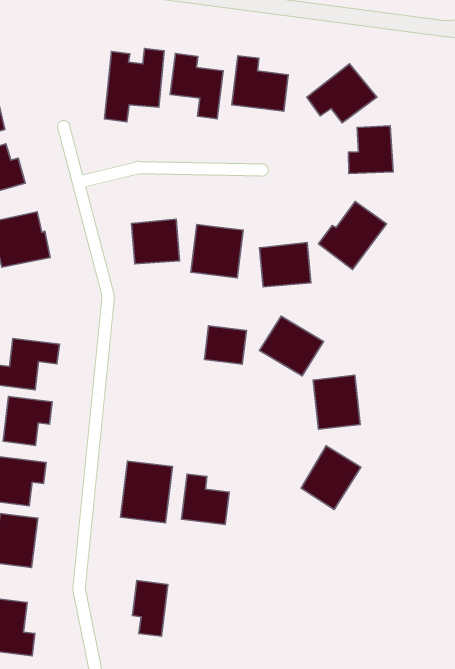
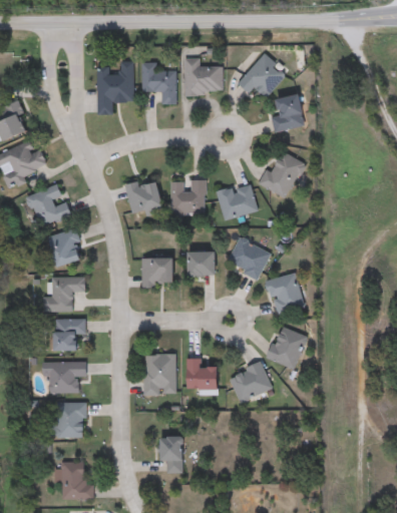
building: none -> [46,227,83,267]
building: none -> [141,258,172,286]
building: none -> [230,362,272,402]

